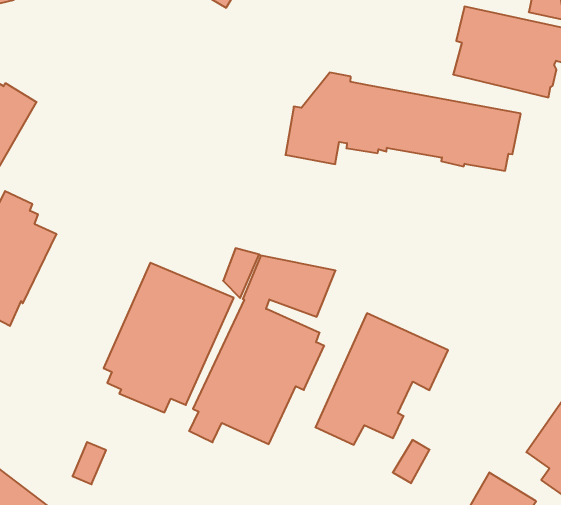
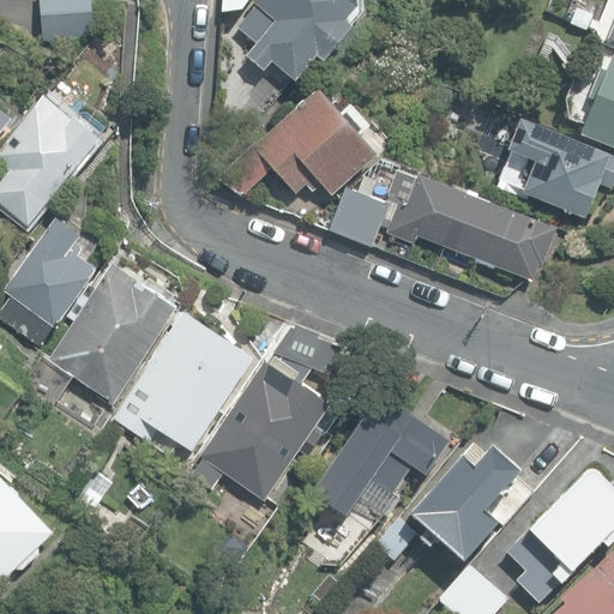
building: none -> [215,90,375,201]
building: none -> [37,263,177,404]
building: none -> [410,444,532,559]

